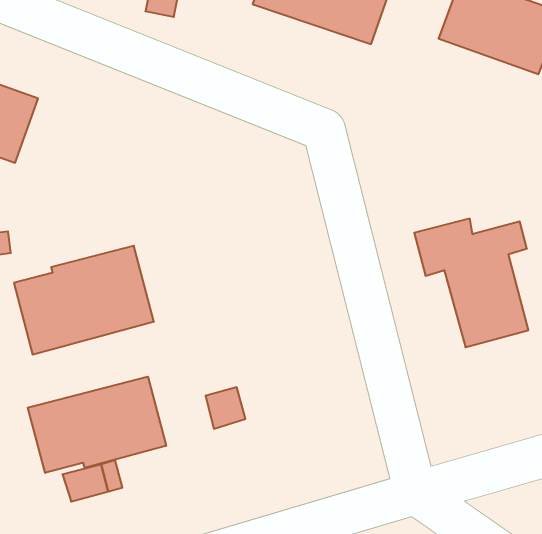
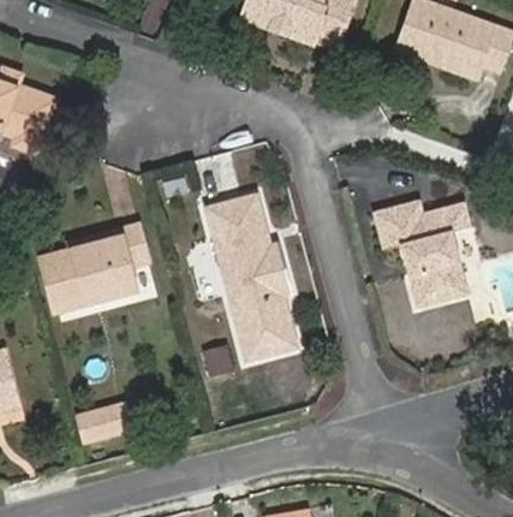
building: none -> [204,194,298,363]
building: [28,377,166,473] -> none

